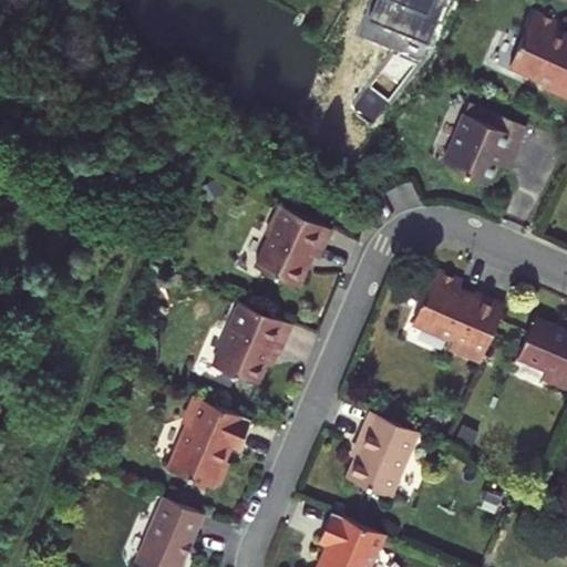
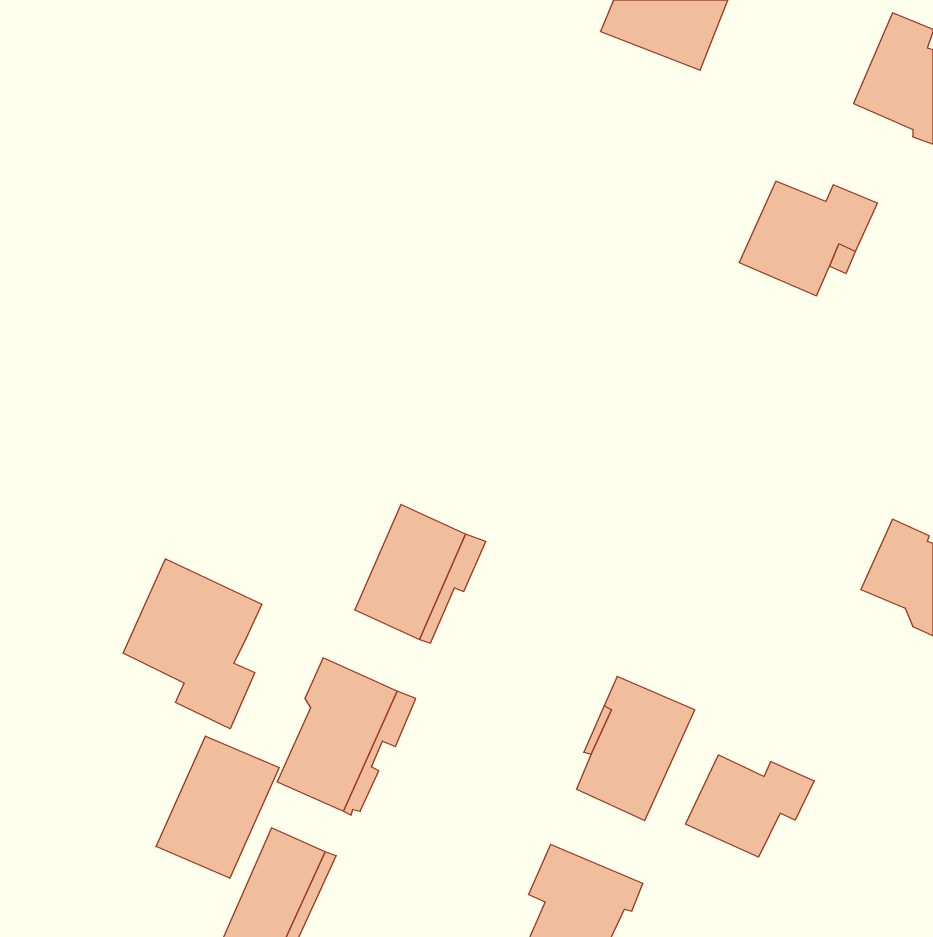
building: [255,207,332,290] -> none
building: [410,270,503,362] -> none
building: none -> [123,559,262,729]
building: none -> [156,736,279,878]
building: none -> [685,755,814,857]

